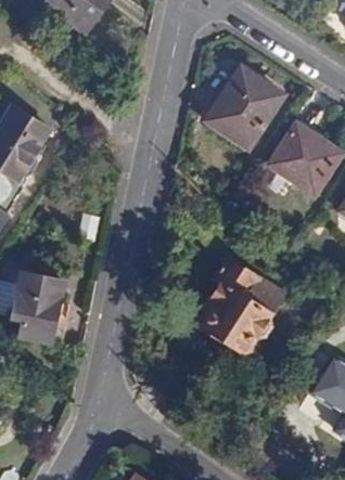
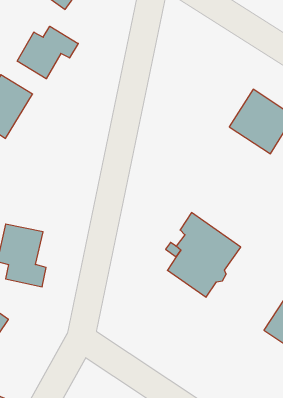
building: none -> [17,26,78,79]
building: [206,64,281,143] -> none

